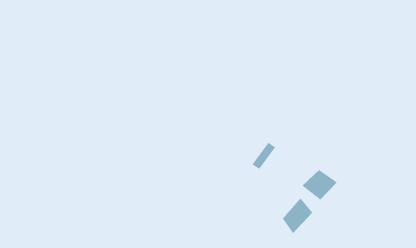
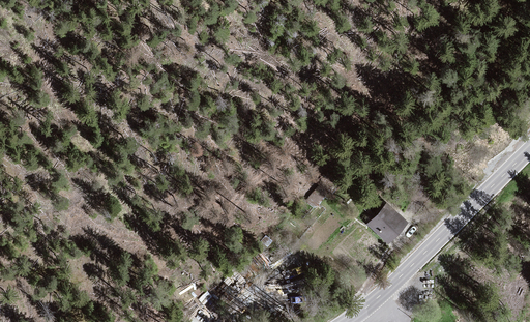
building: [282,197,313,234] -> none

